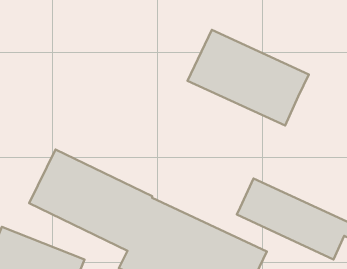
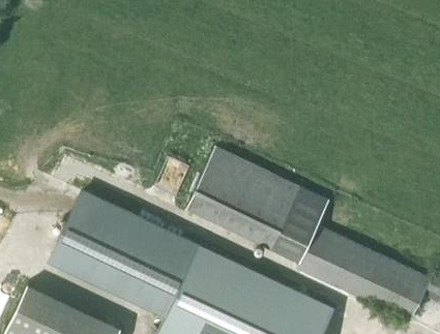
building: [187,30,309,126] -> [186,148,329,261]

